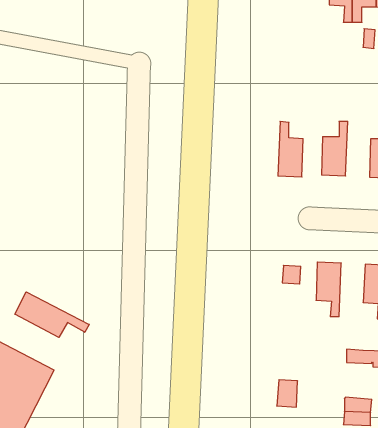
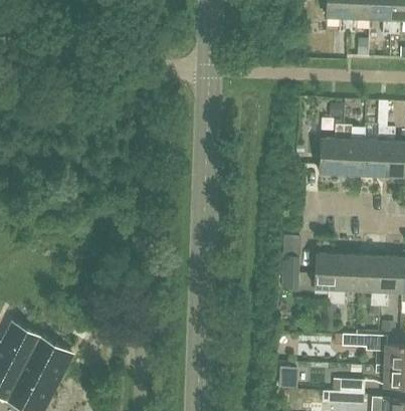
building: [278,121,303,177] -> [341,124,364,175]
building: none -> [335,254,359,303]
building: [15,292,89,337] -> none

